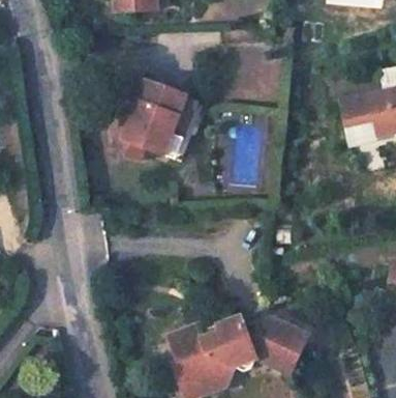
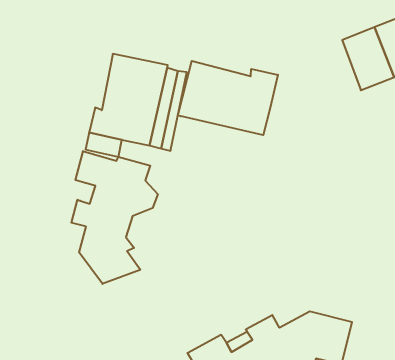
building: none -> [178,61,278,135]
building: none -> [71,151,158,284]

